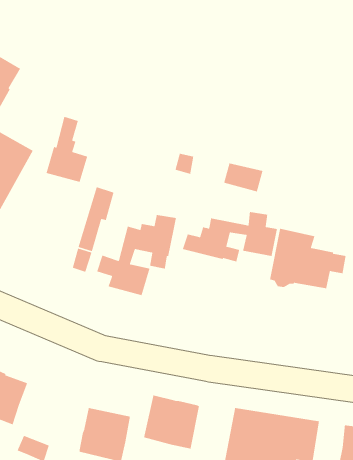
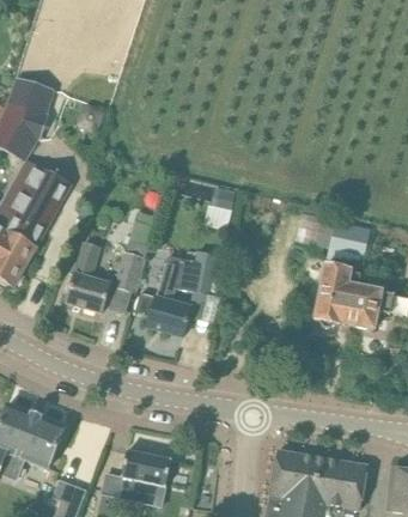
building: [45,116,88,183] -> [65,242,109,311]
building: [223,162,263,192] -> [329,224,371,255]
building: [182,211,278,262] -> none
building: [143,395,200,450] -> none

